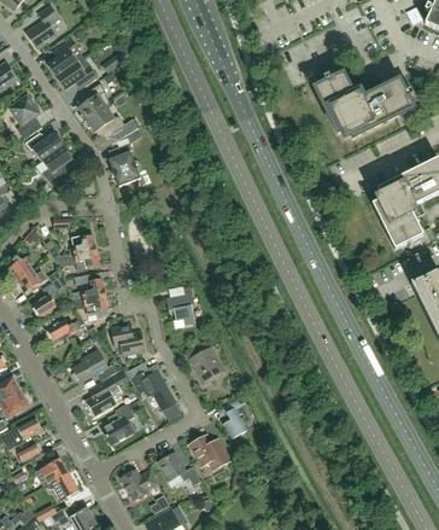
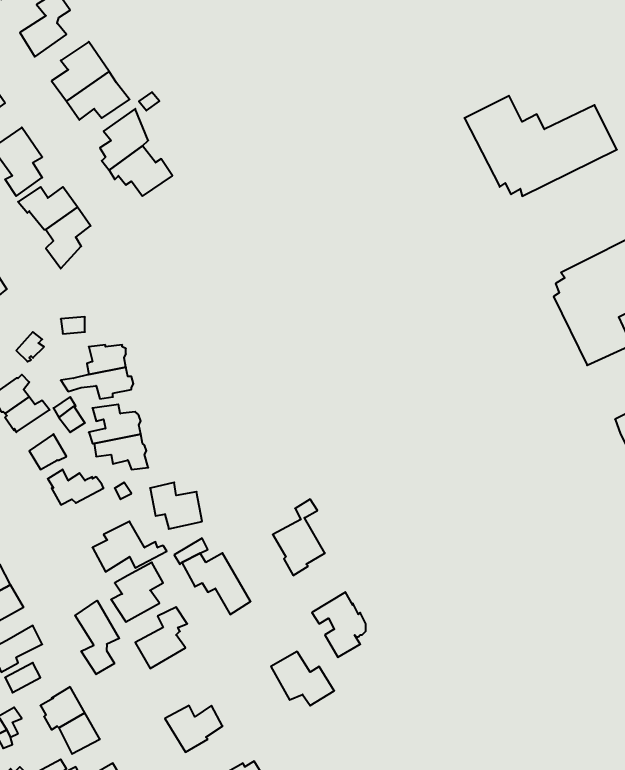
building: [109,141,141,185] -> none
building: [166,285,195,324] -> none
building: none -> [75,601,119,674]
building: [158,449,201,484] -> none

